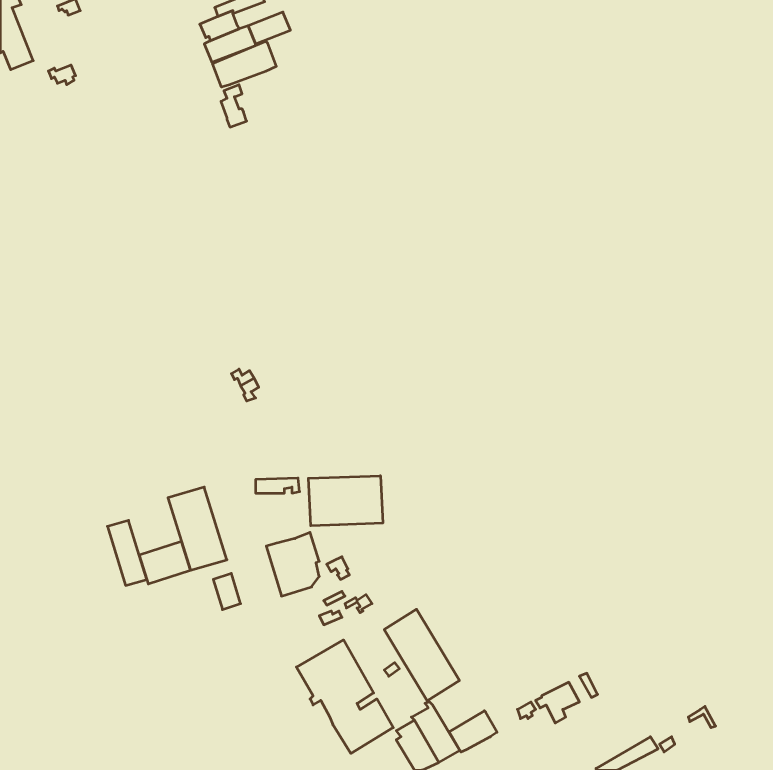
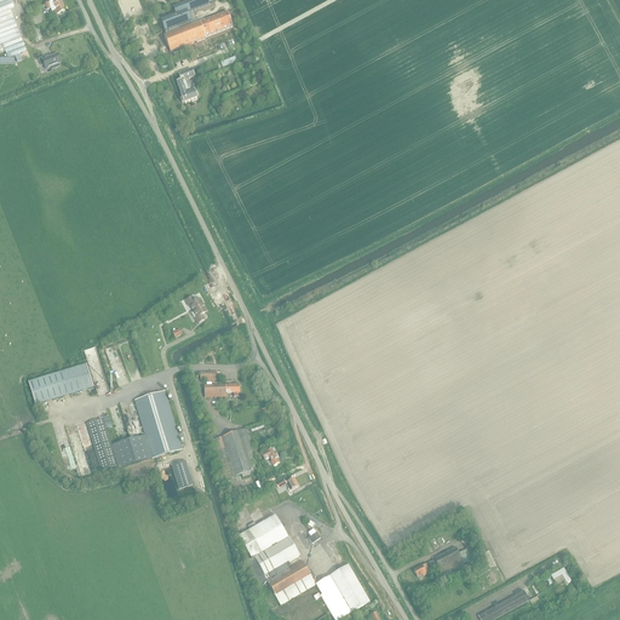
building: [213,41,276,87] -> none
building: none -> [28,362,93,403]
building: [308,476,383,526] -> none
building: [384,609,459,701] -> none
building: [449,711,497,752] -> none

